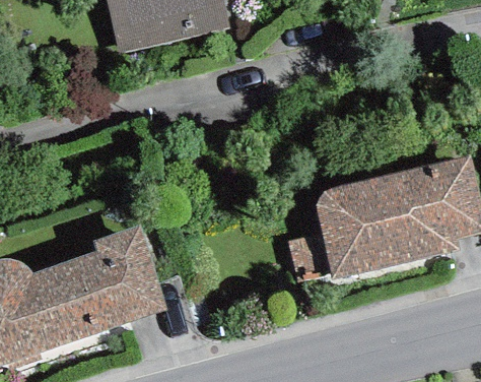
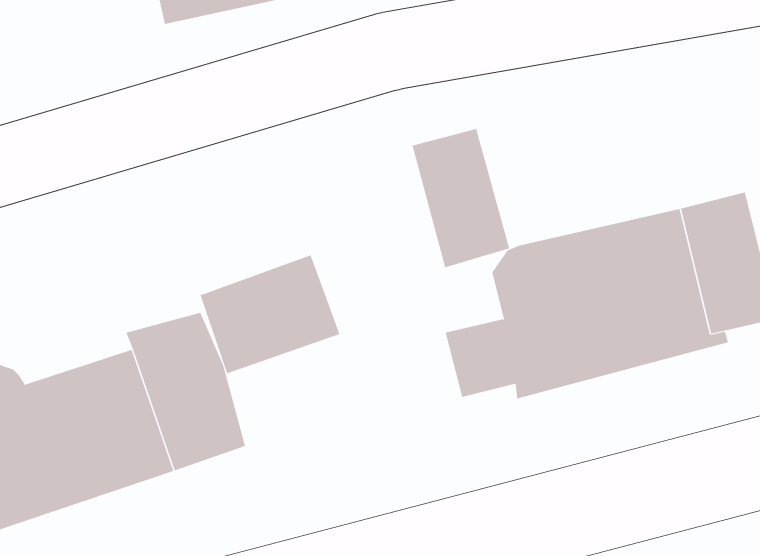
building: none -> [412,128,510,268]
building: none -> [200,255,340,374]

